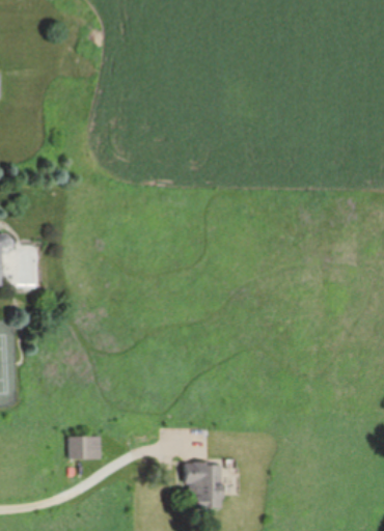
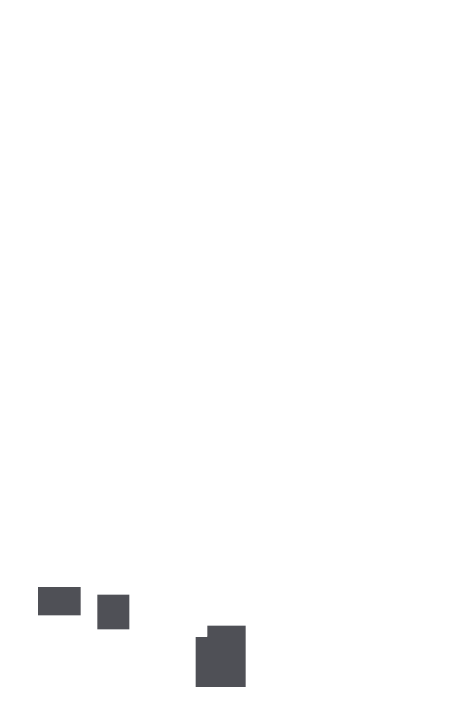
building: none -> [97,594,130,630]

